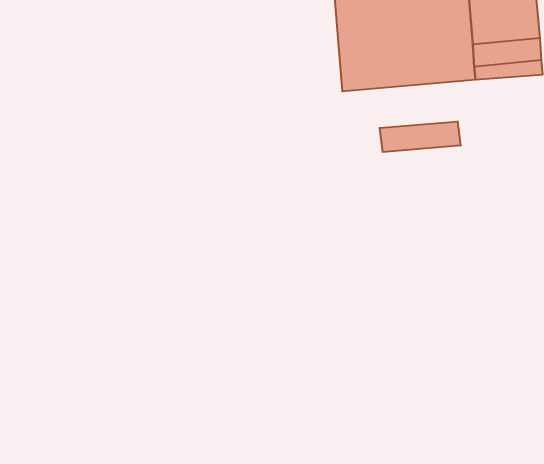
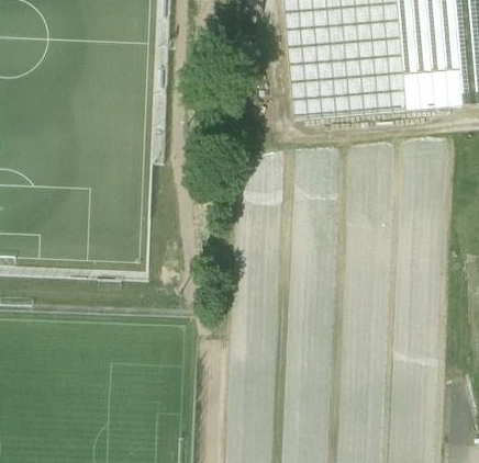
building: [380,121,461,152] -> none

